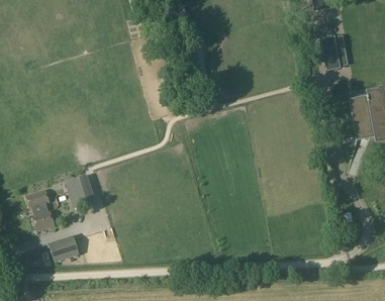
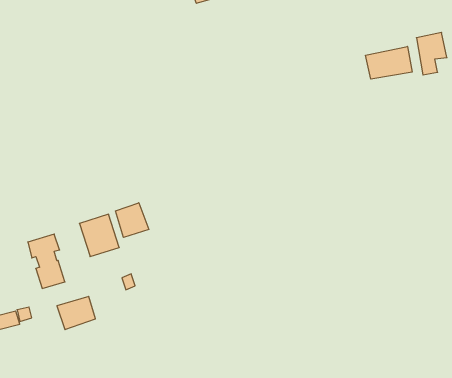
building: none -> [366,46,412,79]
building: none -> [116,203,149,237]

